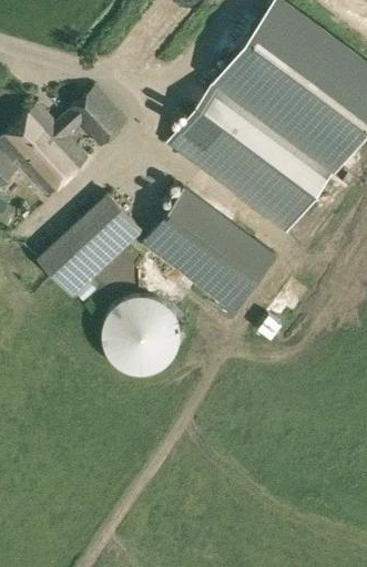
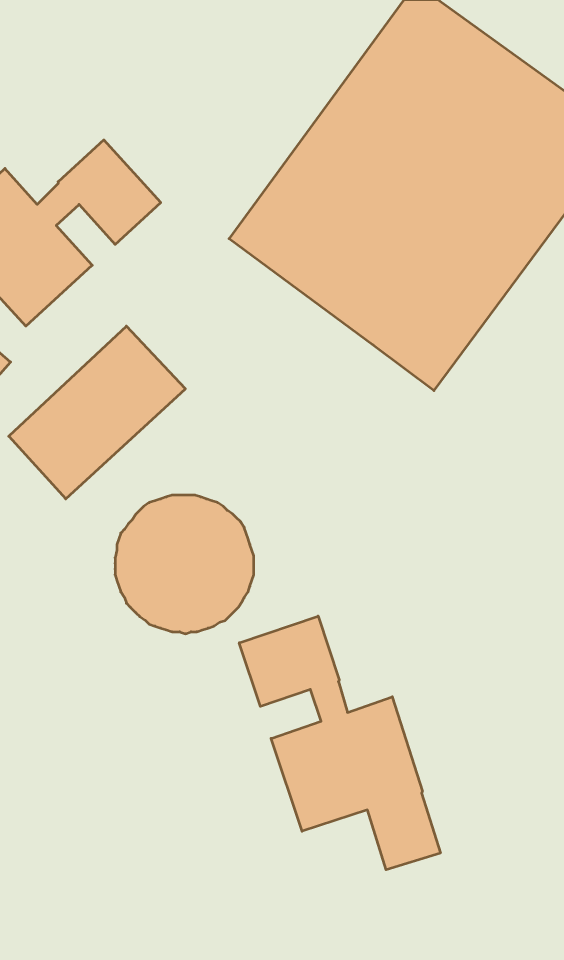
building: [143,189,275,312] -> none
building: none -> [239,616,440,870]

